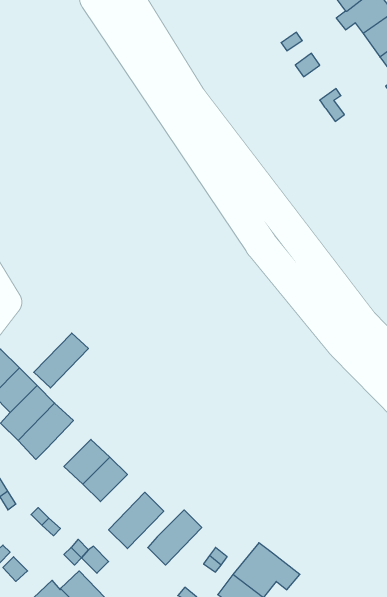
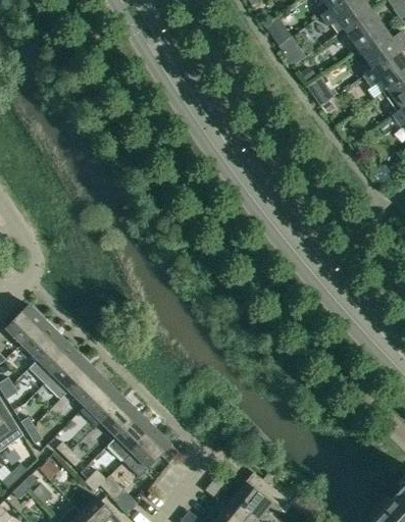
building: [34,333,88,388] -> none
building: none -> [68,366,107,406]
building: [148,510,202,565] -> [107,413,154,461]

